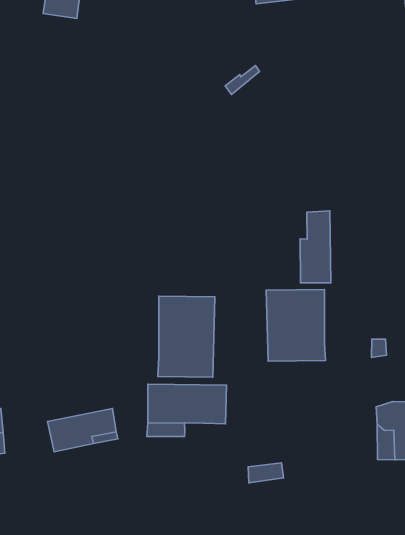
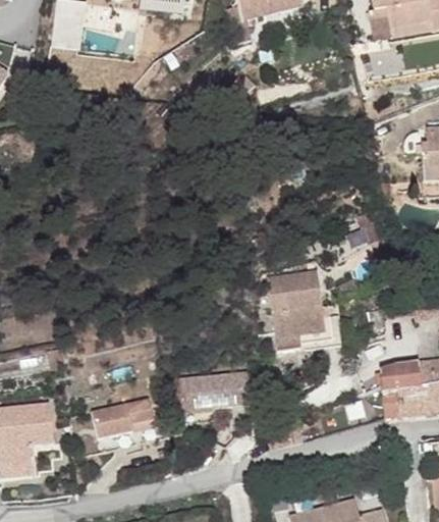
building: [300,211,331,283] -> none
building: [158,296,215,377] -> none

